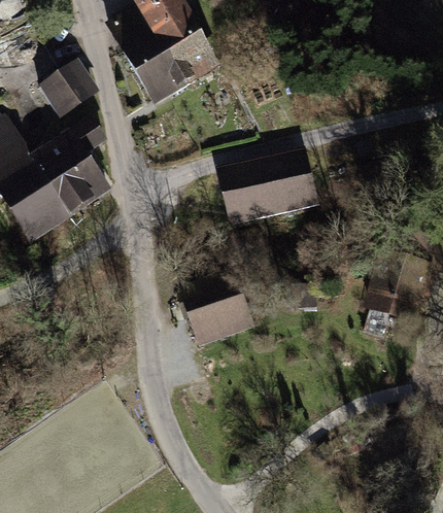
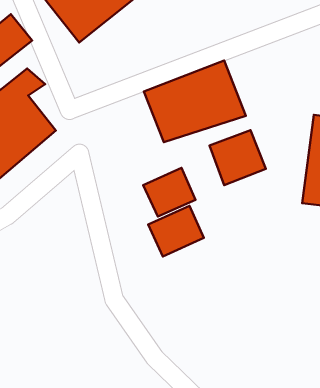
building: none -> [210,130,266,185]
building: none -> [143,168,195,216]

